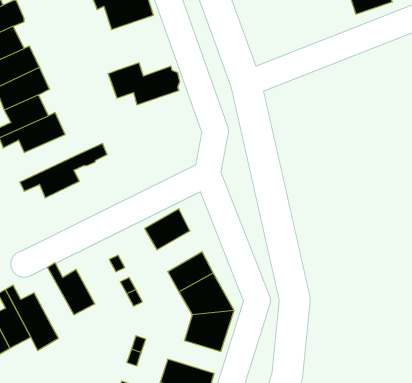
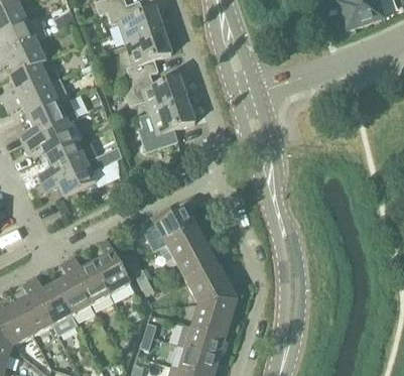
building: none -> [125,30,171,81]
building: none -> [138,99,195,152]
building: none -> [37,136,97,182]
building: none -> [158,227,208,268]
building: none -> [93,239,129,293]
building: none -> [54,260,91,314]
building: none -> [176,324,225,357]

